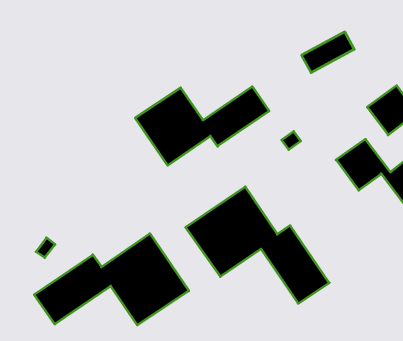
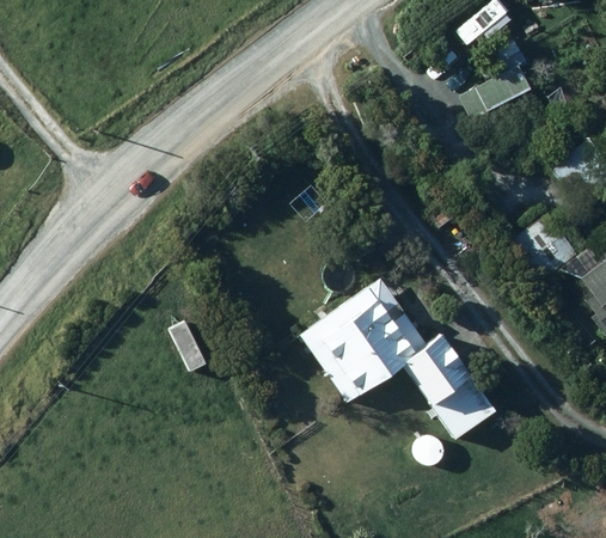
building: [135,87,269,165] -> none
building: [34,234,189,325] -> none

